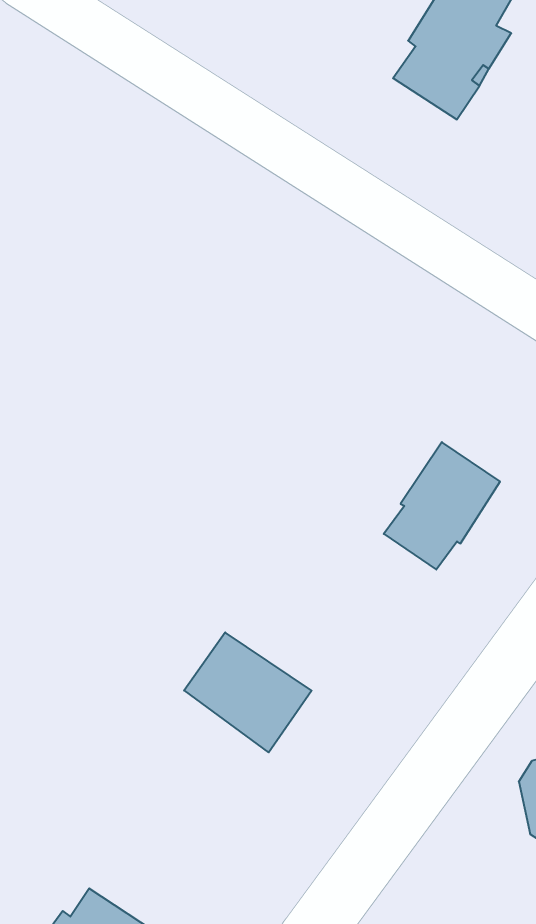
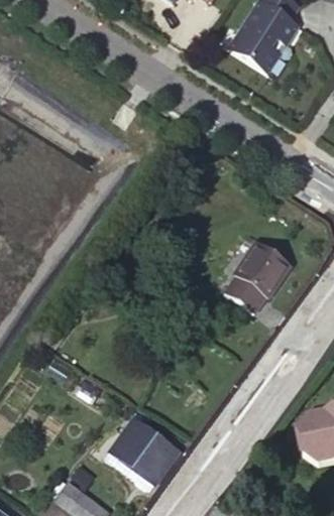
building: [184,632,312,752] -> [110,420,179,485]

